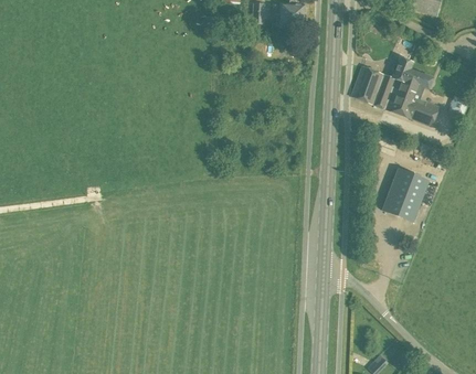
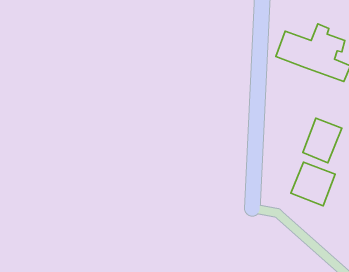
building: none -> [291,162,335,206]

